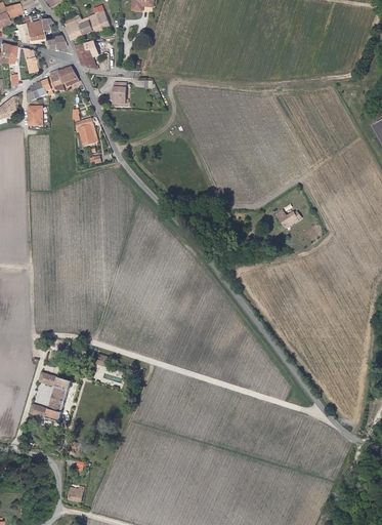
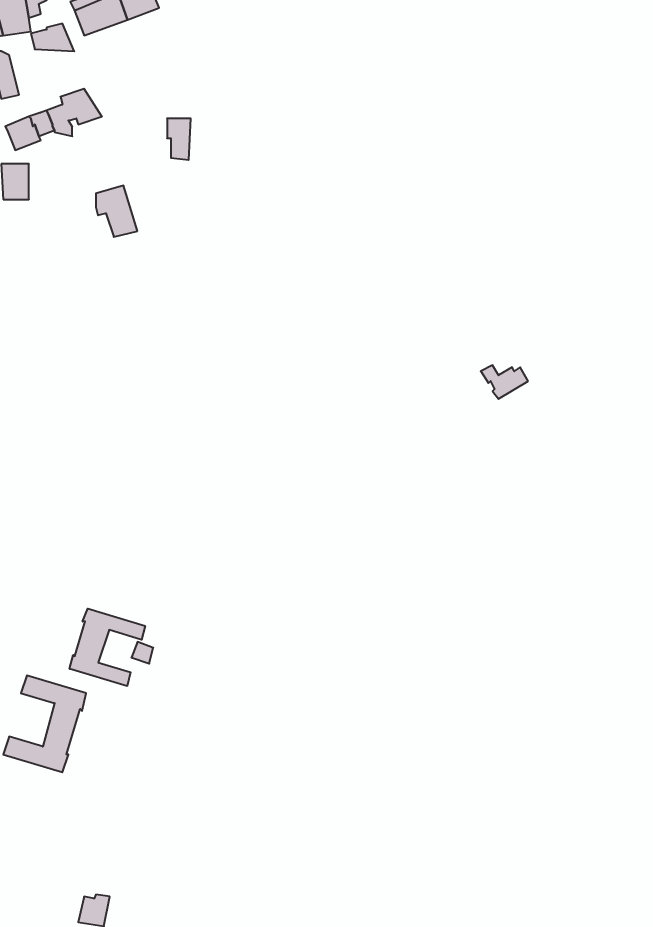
building: [76,41,98,67] -> none
building: none -> [70,609,145,686]

